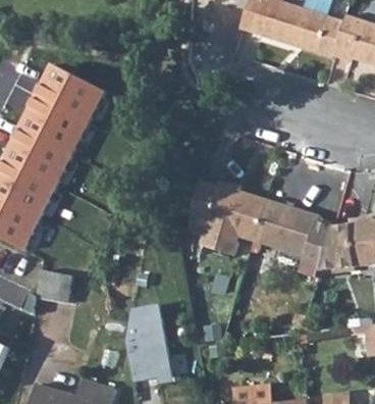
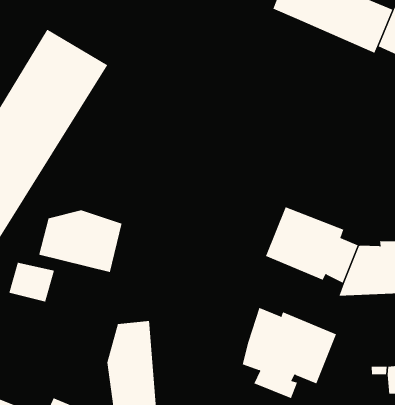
building: [186,182,265,257] -> [242,307,337,399]
building: none -> [39,210,122,273]

